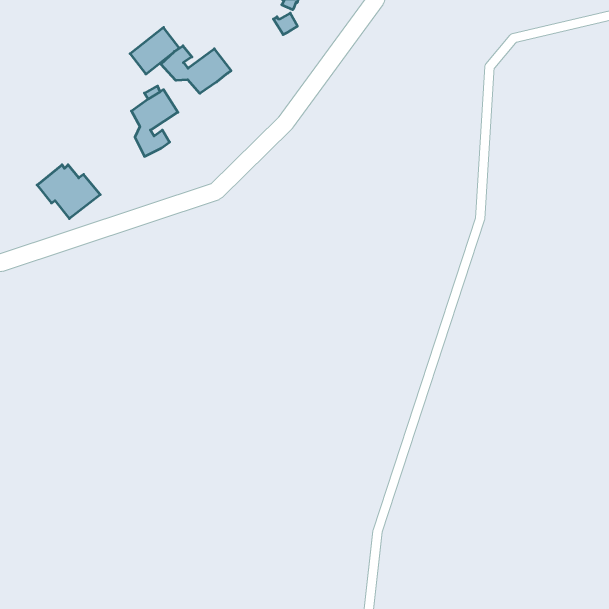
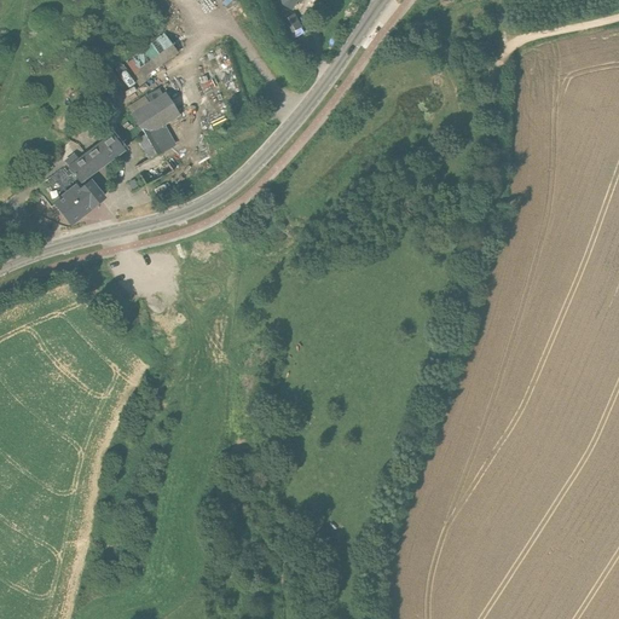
building: [161,46,231,93] -> none
building: none -> [64,133,125,180]

